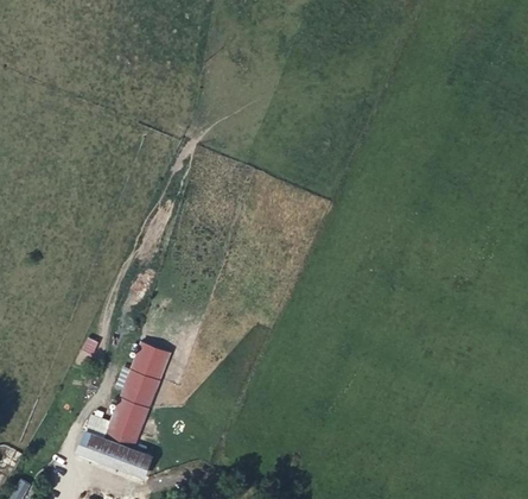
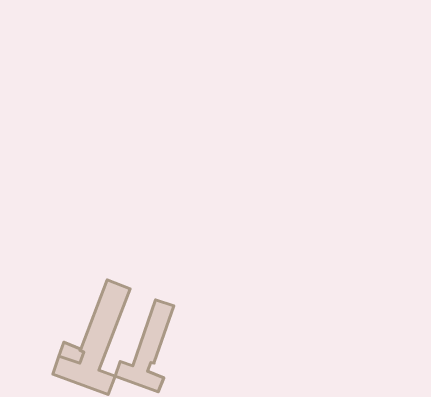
building: none -> [115,300,174,392]

